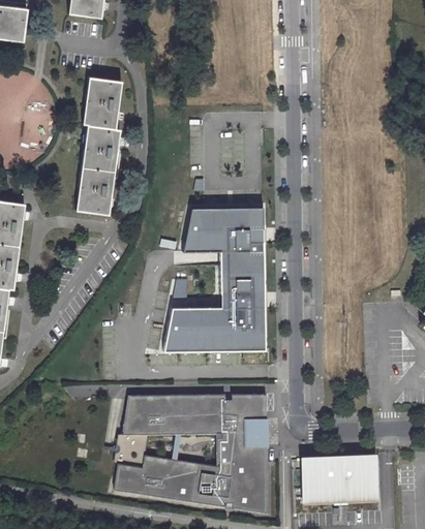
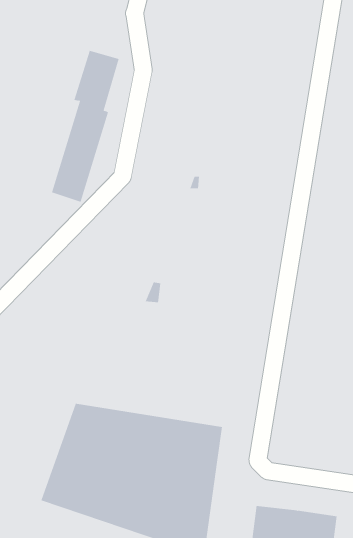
building: [163,207,266,351] -> none

